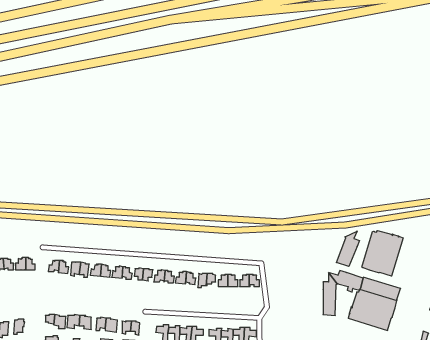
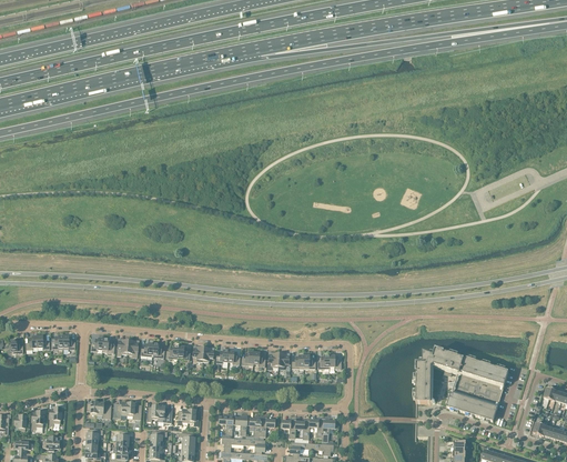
building: [362,231,403,276] -> none
building: [336,231,360,266] -> none

